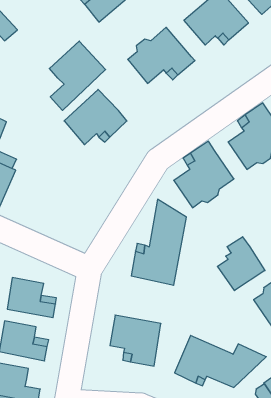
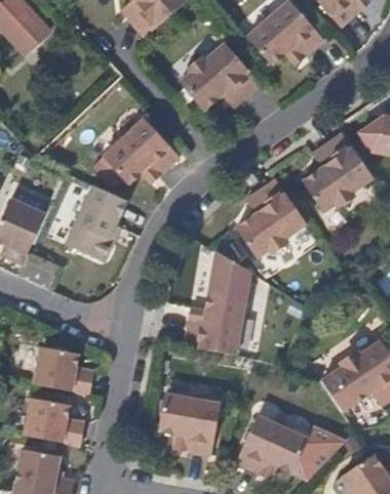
building: [49,41,106,110] -> none
building: none -> [61,182,129,264]
building: [217,237,265,291] -> none

